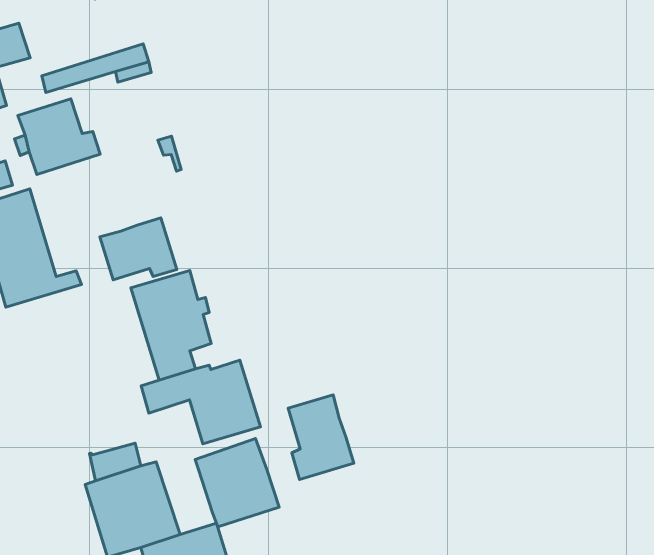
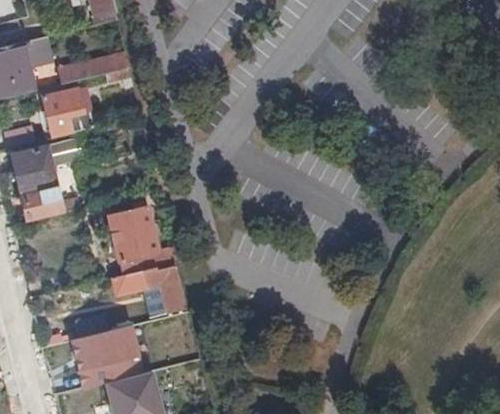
building: [100,218,177,280] -> none
building: [288,395,354,479] -> none
building: [195,438,279,527] -> none

